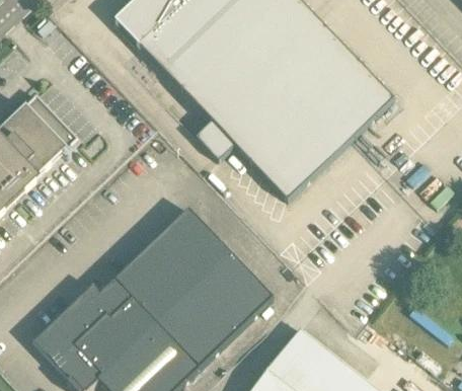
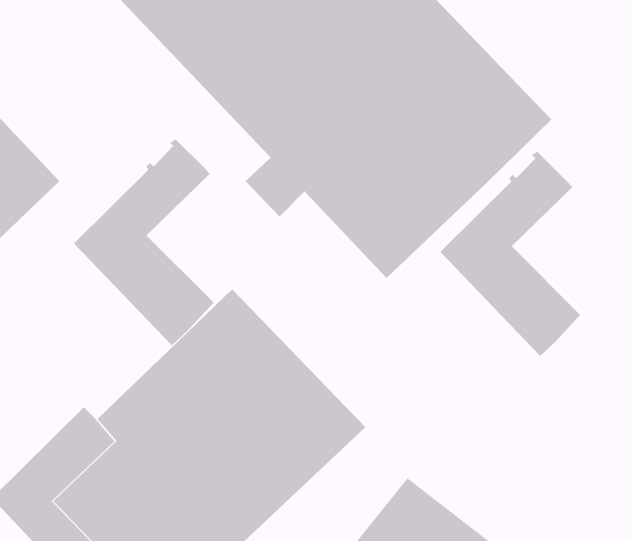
building: none -> [73,138,214,346]
building: none -> [440,151,581,357]

